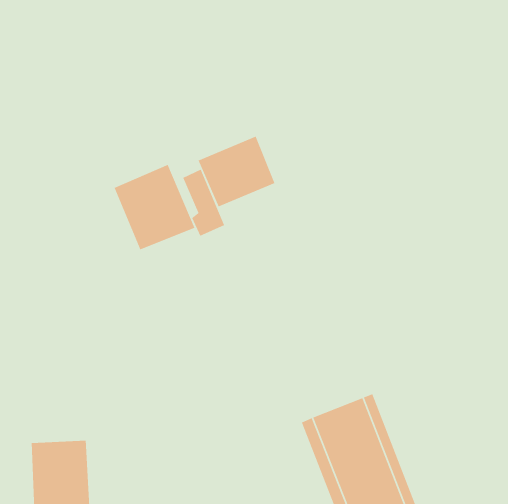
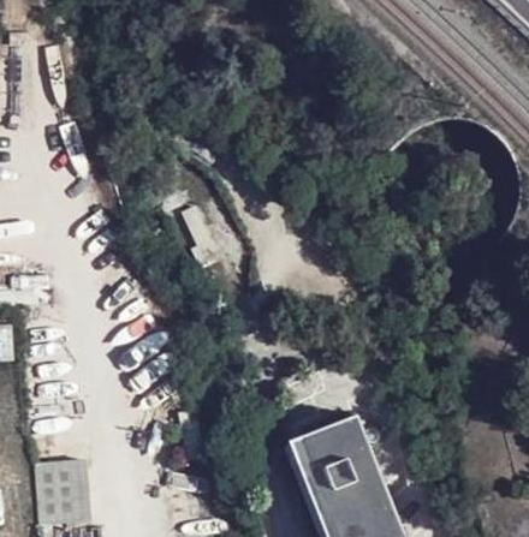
building: [198,136,275,208] -> none
building: [113,164,195,251] -> none

